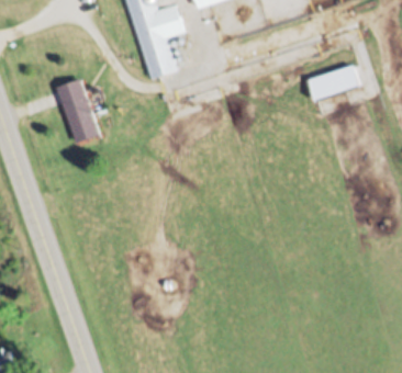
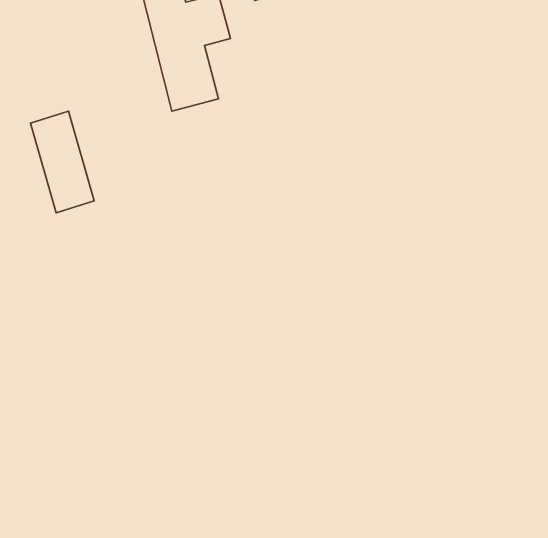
building: [311,64,362,101] -> none

